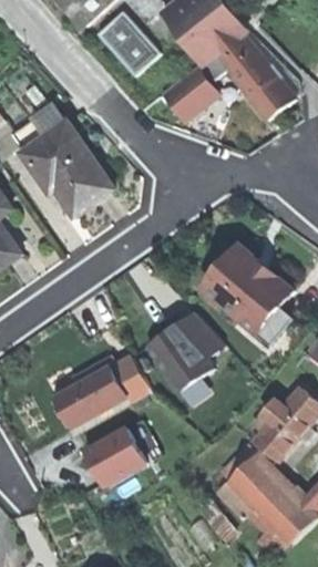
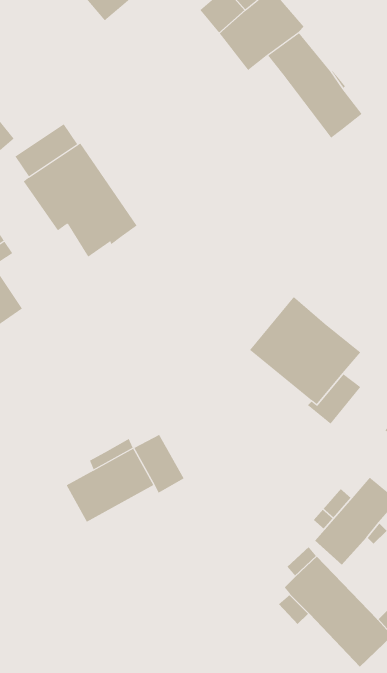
building: [98,12,158,75] -> none
building: [165,52,228,117] -> none
building: [146,312,224,392] -> none
building: [83,427,145,486] -> none

